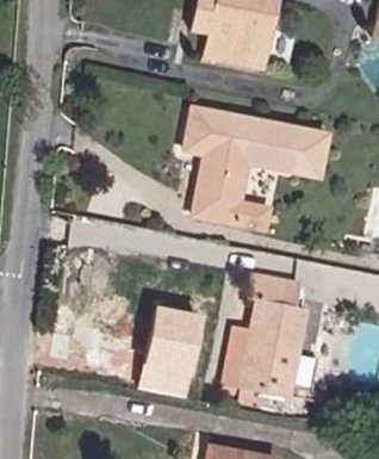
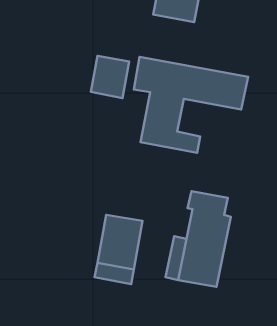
building: none -> [91,56,129,98]

